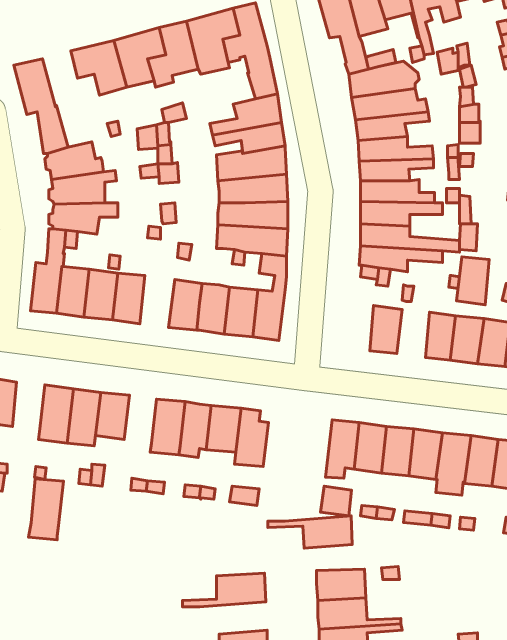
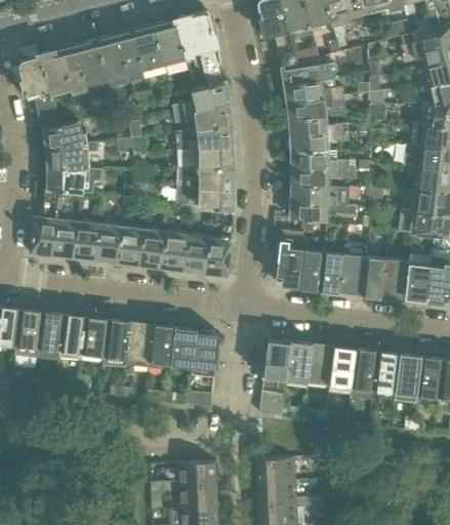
building: none -> [40,49,86,93]
building: [457,257,489,305] -> [320,253,345,291]
building: none -> [117,227,145,268]
building: none -> [276,240,302,286]
building: none -> [105,321,130,359]
building: [29,479,64,540] -> [14,311,42,359]
building: [268,516,352,548] -> [151,484,217,510]

